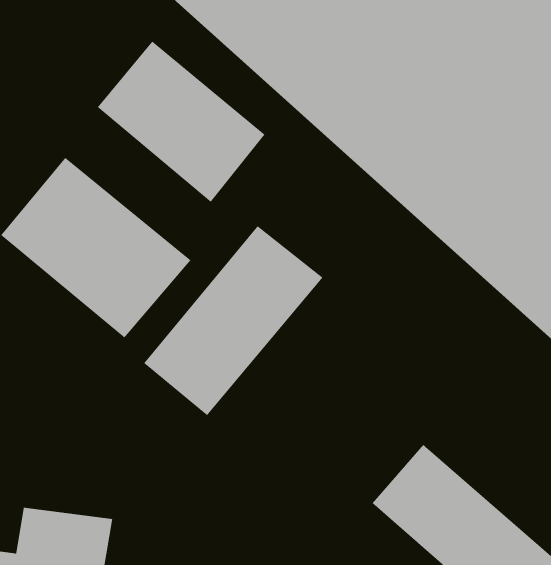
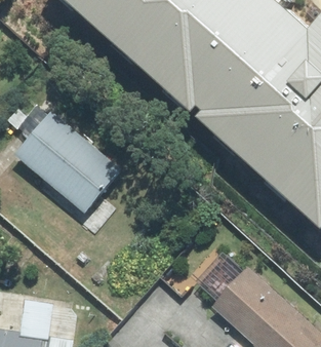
building: [97,41,266,203] -> none
building: [143,225,323,416] -> none

